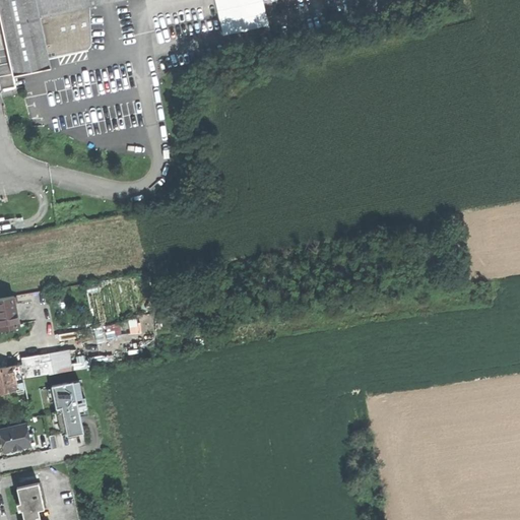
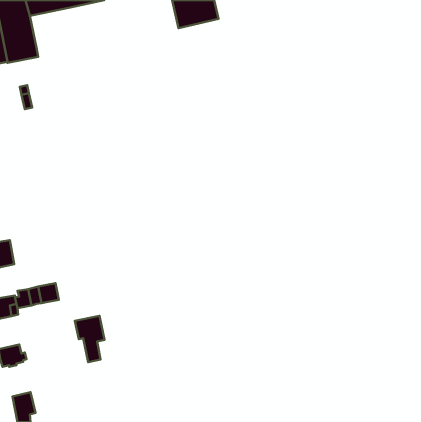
building: [37,9,88,59] -> none
building: [50,381,86,438] -> [75,316,105,362]

